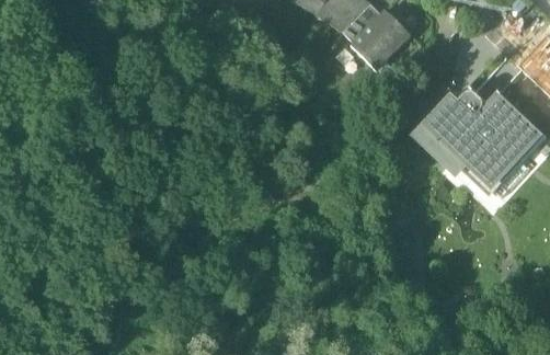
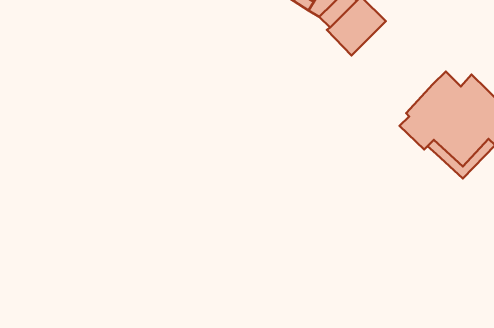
building: [410,93,461,179] -> none

